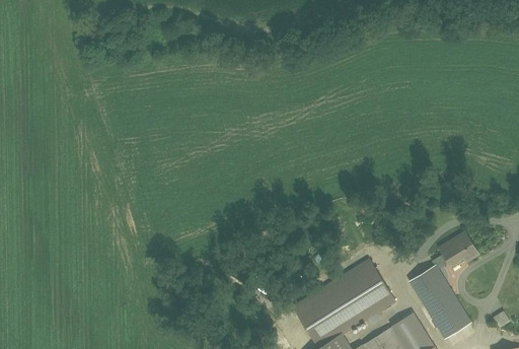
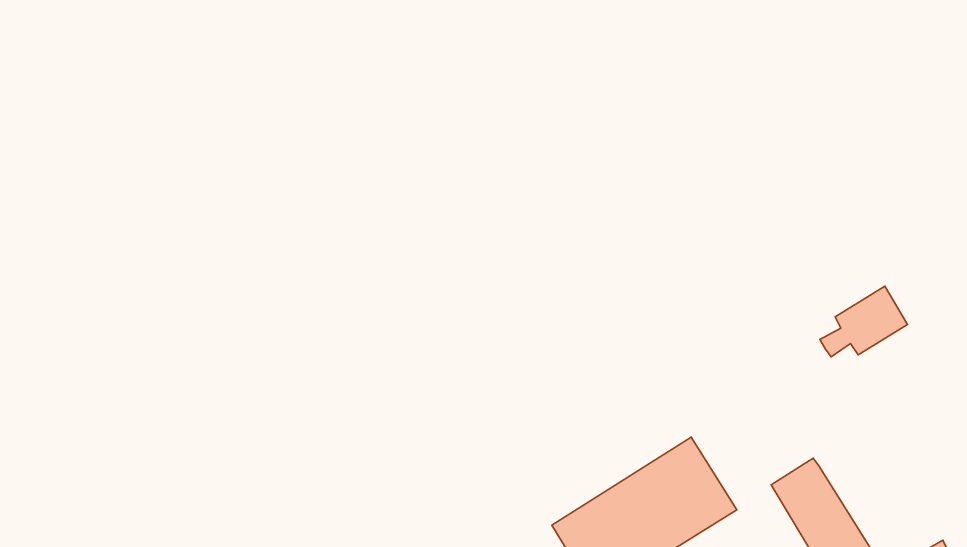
building: [431,235,477,273] -> [820,286,908,357]

